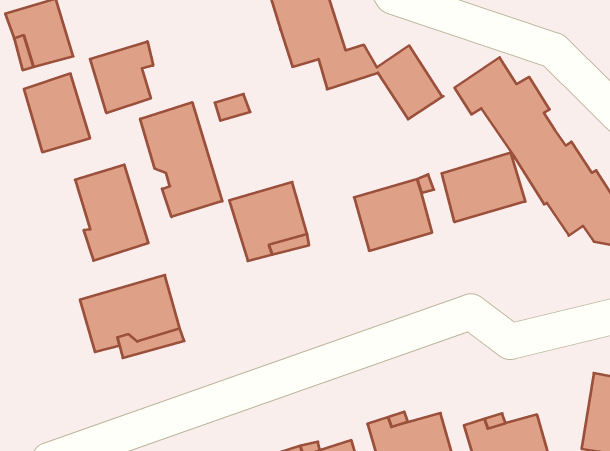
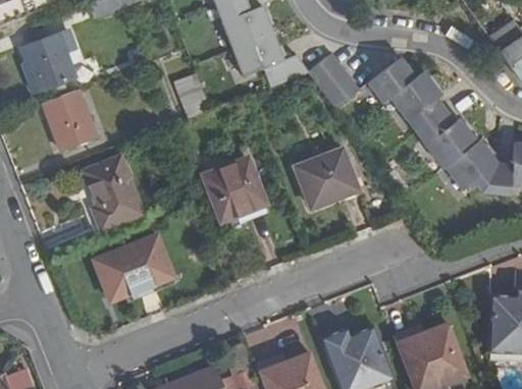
building: [90,41,153,113] -> none
building: [140,102,222,217] -> none
building: [442,152,525,222] -> none

